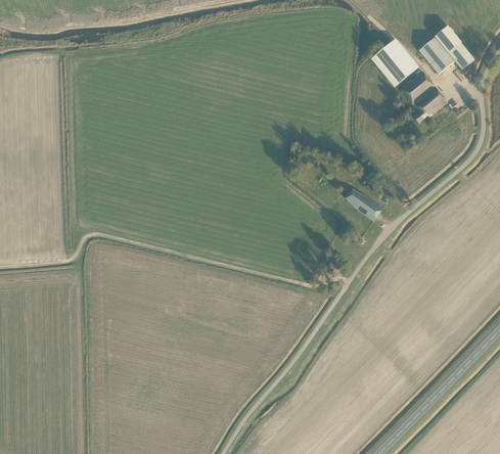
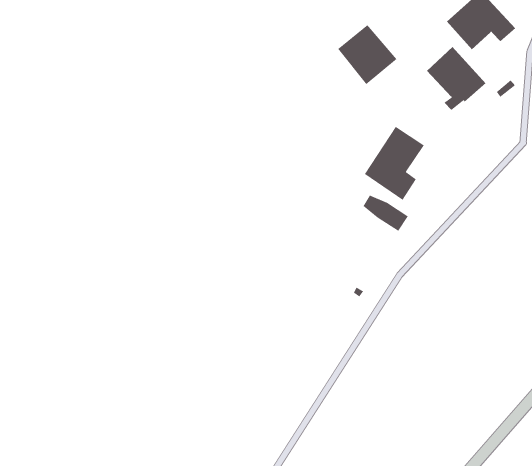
building: [371,38,419,87] -> [337,24,397,85]
building: none -> [364,126,425,201]

